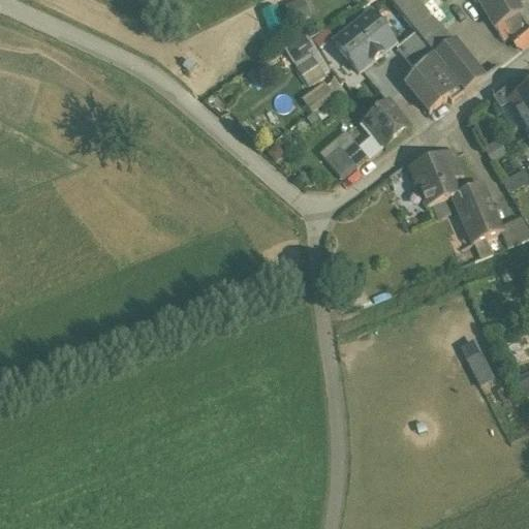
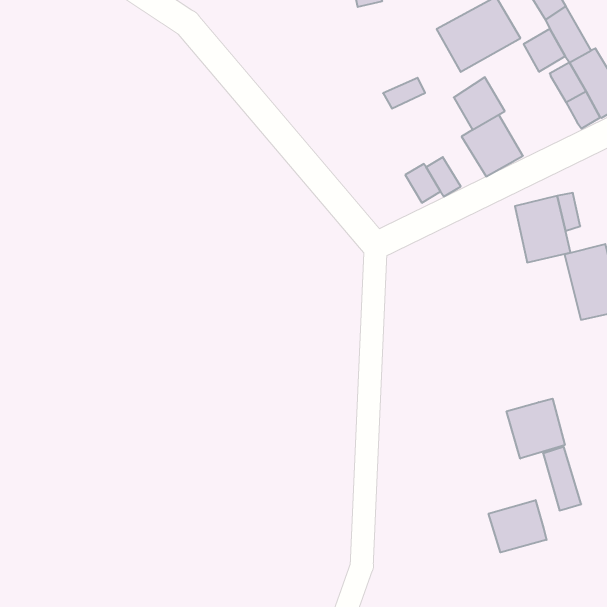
building: [286,39,322,82] -> none
building: [406,63,446,108] -> none
building: none -> [507,399,565,459]
building: none -> [489,500,547,552]

